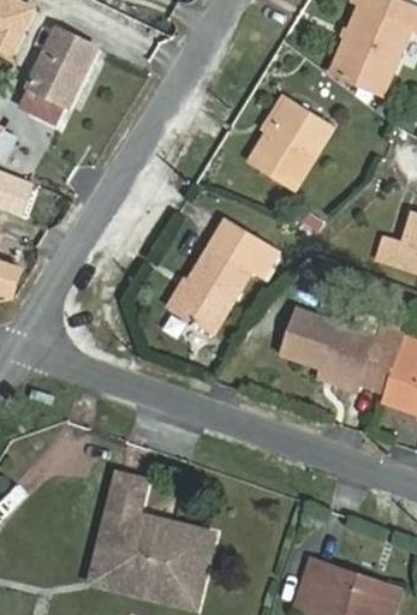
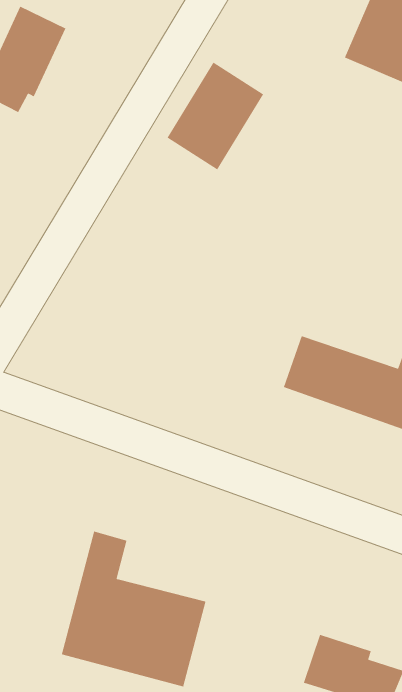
building: [249,97,332,190] -> [166,62,264,171]
building: [168,220,278,334] -> none

